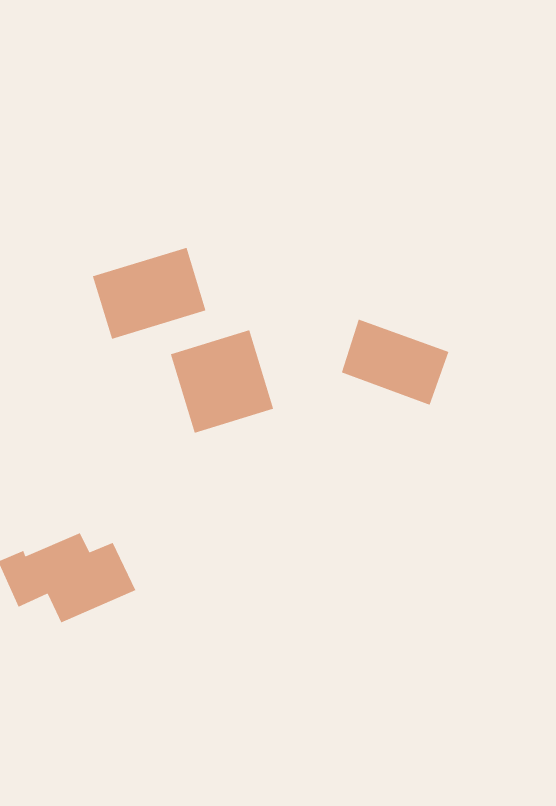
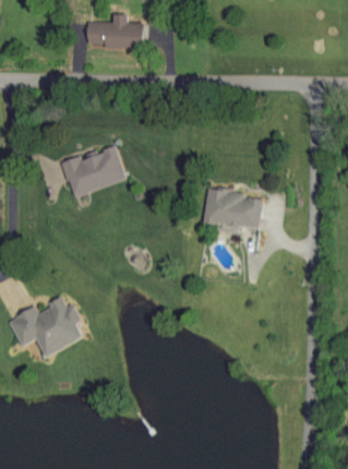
building: none -> [92,17,143,49]
building: [170,329,274,434] -> none

